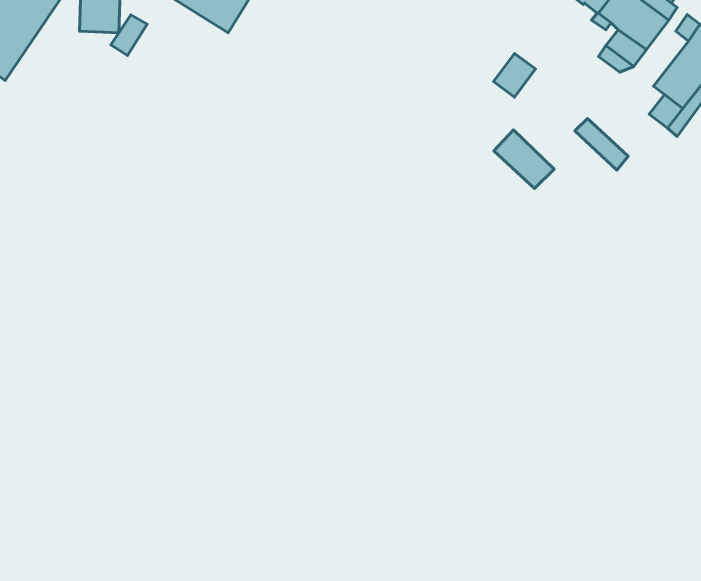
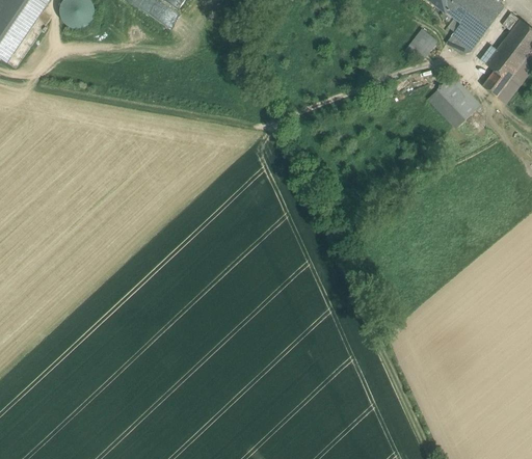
building: [111,15,147,56] -> none
building: [493,54,535,97] -> [405,29,436,61]
building: [494,130,554,189] -> [436,74,481,117]

